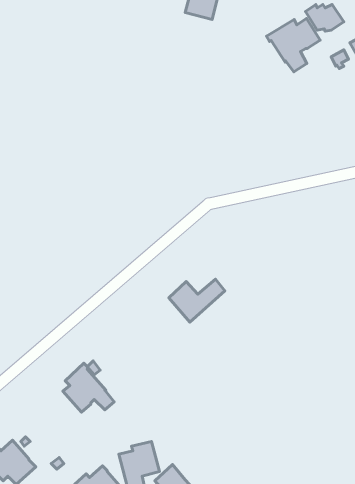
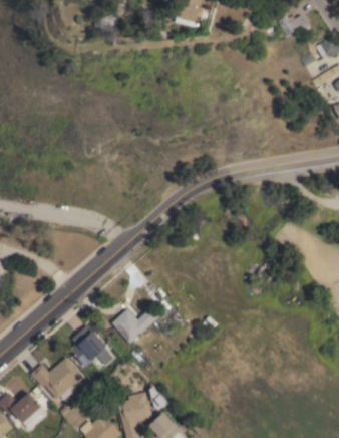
building: [267,18,320,72] -> none
building: [169,279,225,322] -> [113,306,161,344]
building: none -> [31,357,84,401]

